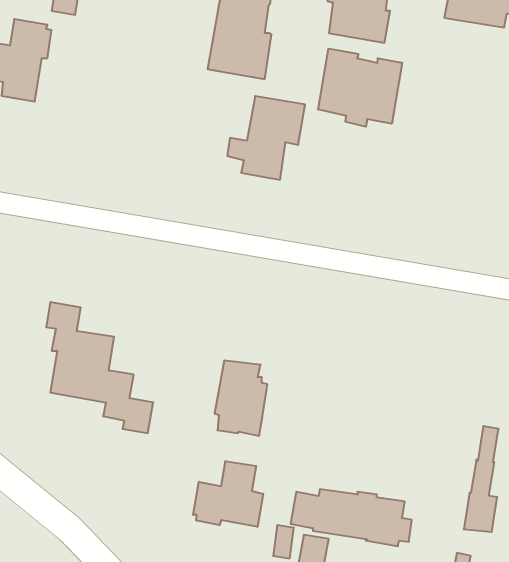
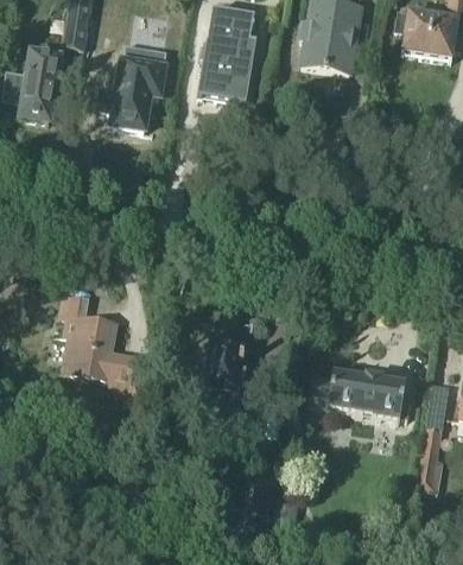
building: [318,49,402,127] -> none
building: [227,96,305,180] -> [100,56,166,127]
building: [193,461,263,527] -> none
building: [291,489,412,546] -> [307,369,411,418]

